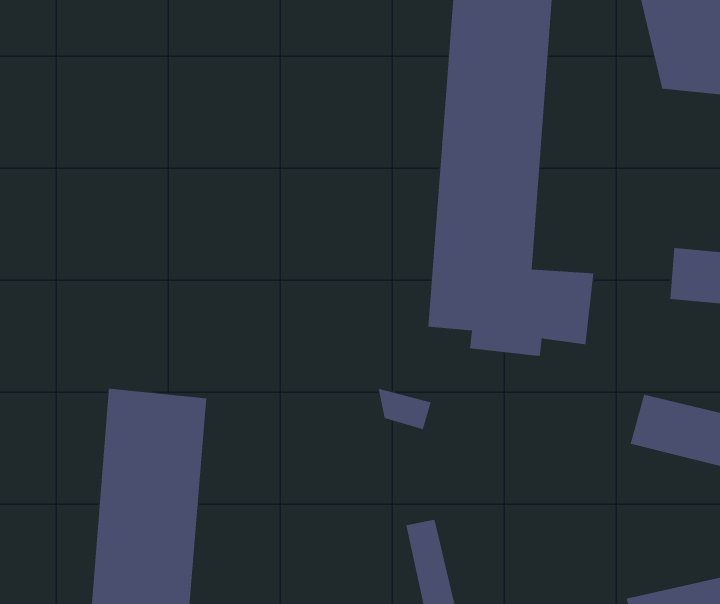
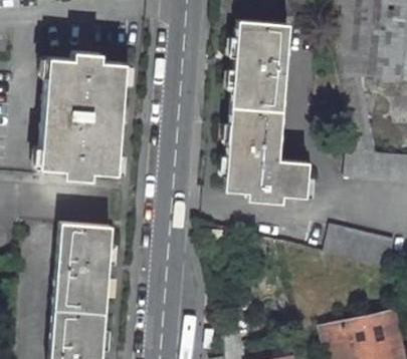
building: none -> [41,51,126,180]

